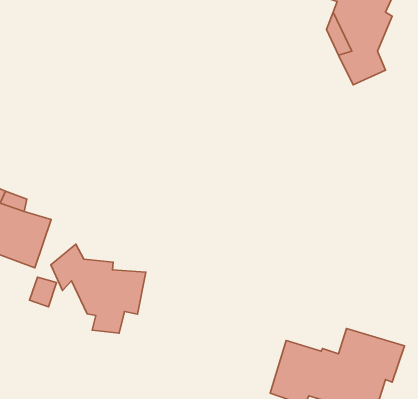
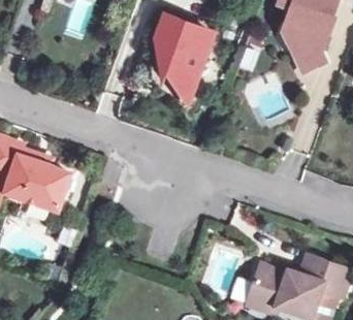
building: none -> [162,15,217,96]
building: [51,244,146,333] -> none

